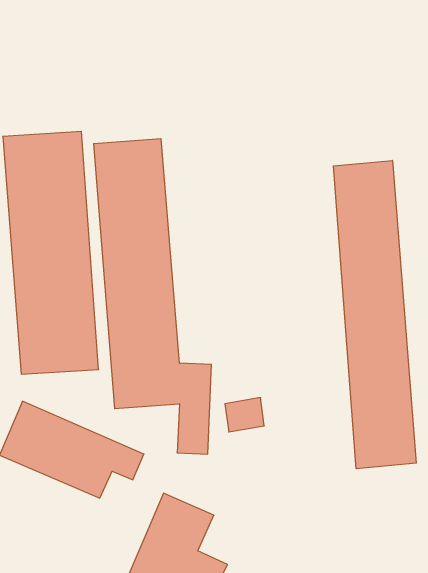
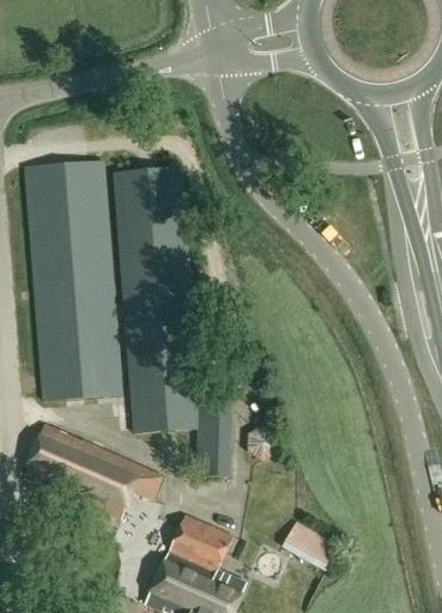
building: [333,160,416,469] -> none
building: none -> [283,520,332,563]

